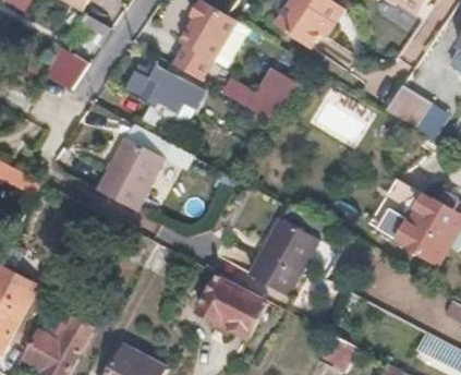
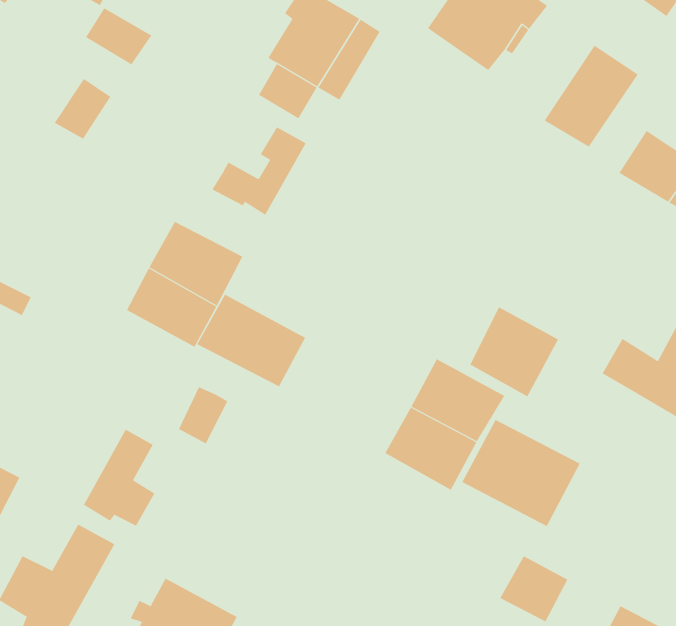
building: none -> [544,45,638,147]
building: [122,64,185,111] -> none
building: [244,64,294,119] -> none
building: none -> [196,294,306,387]
building: none -> [470,307,559,397]
building: none -> [83,429,155,527]
building: [197,274,267,337] -> [462,419,580,527]

